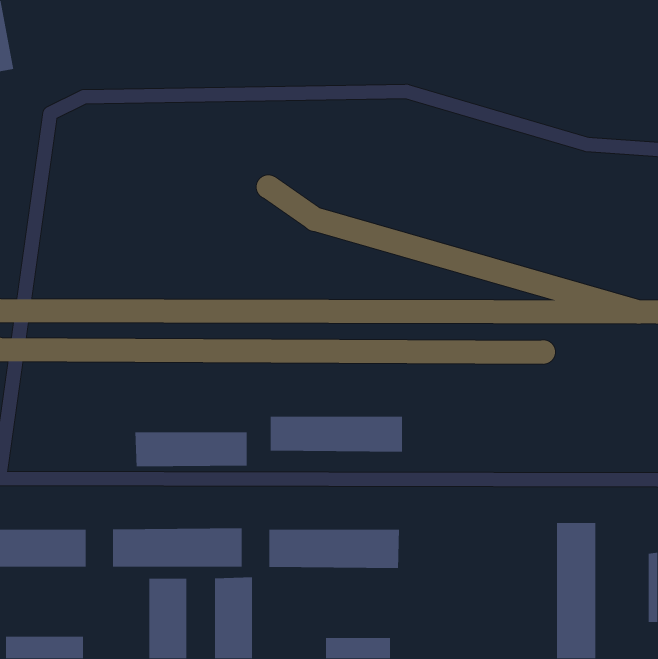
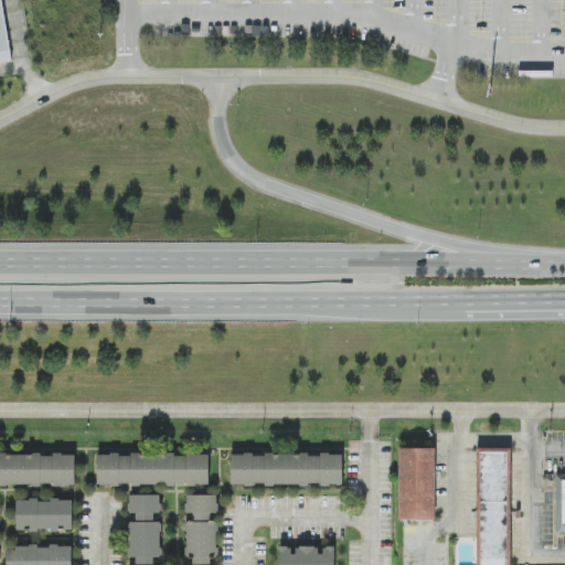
building: [270,416,403,452] -> none
building: [135,432,248,467] -> none
building: none -> [398,447,435,520]
building: none -> [14,498,72,531]

